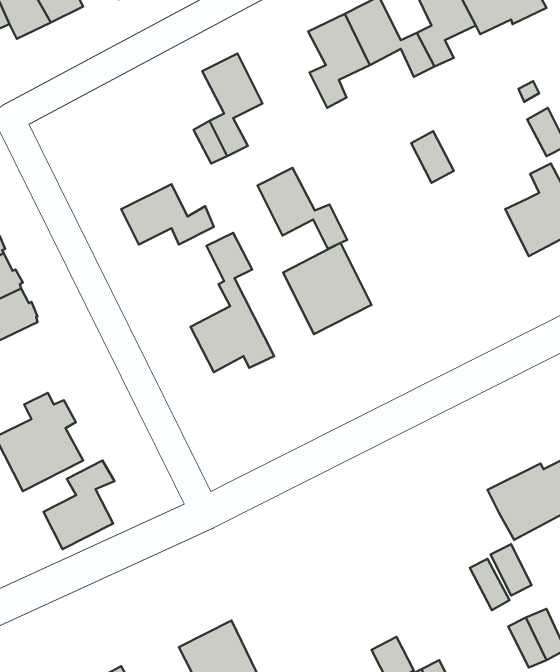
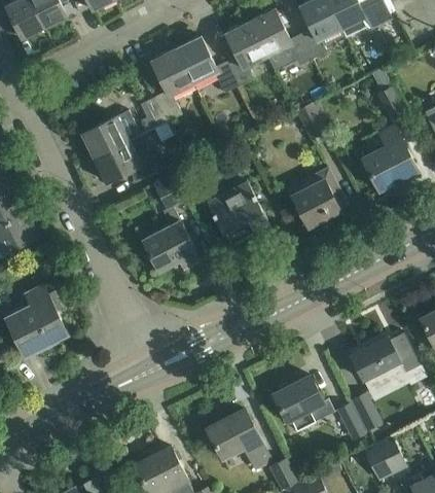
building: none -> [81,110,140,157]
building: [257,168,347,249] -> [175,36,238,93]
building: none -> [291,168,341,226]
building: [44,461,115,549] -> none
building: none -> [273,375,324,430]
building: none -> [207,409,269,467]

